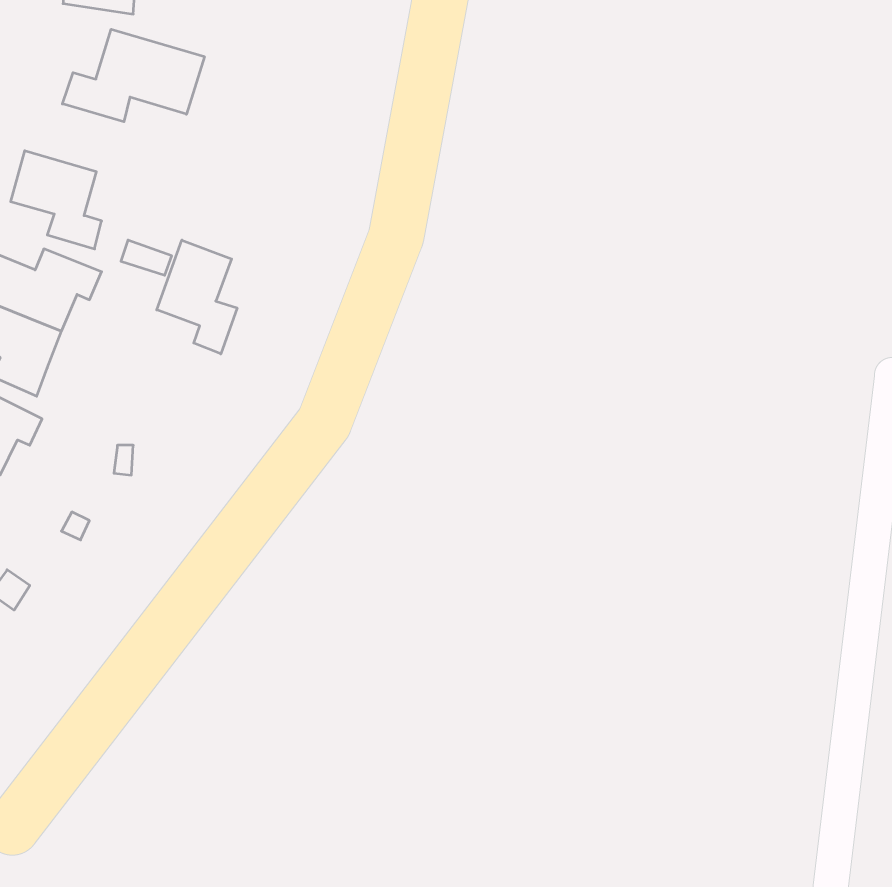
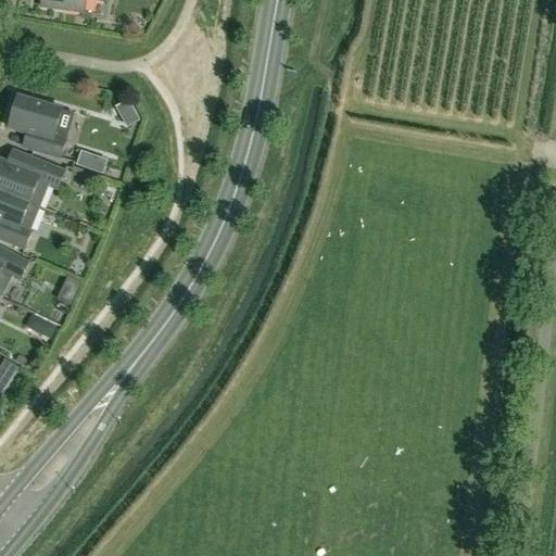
building: [62,29,204,122] -> none
building: [157,240,237,354] -> none

